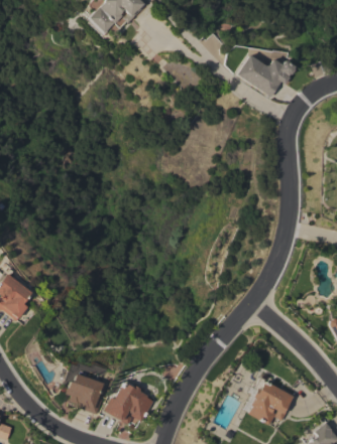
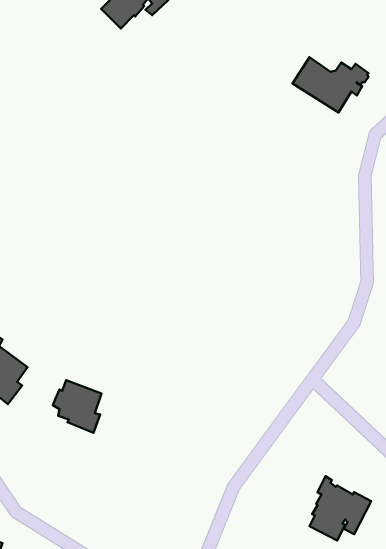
building: [66,374,103,414] -> [53,380,102,433]
building: [104,380,153,425] -> none

